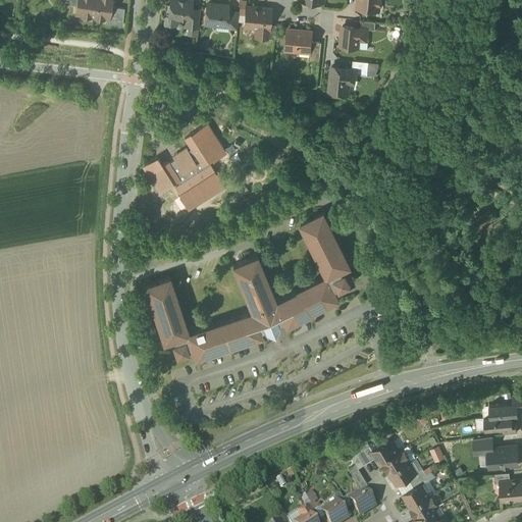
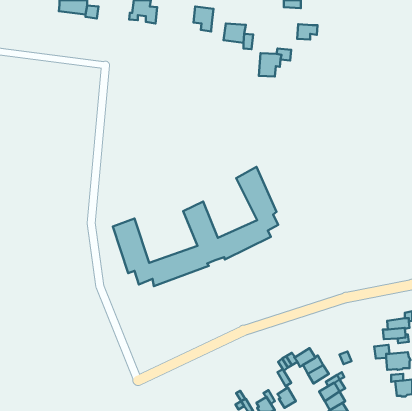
building: [205,5,238,31] -> none
building: [341,30,366,49] -> [297,24,317,40]
building: [146,135,224,211] -> none

